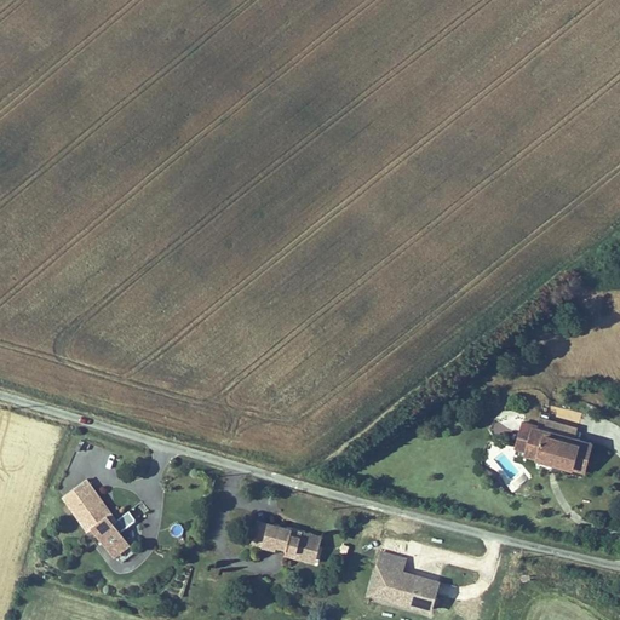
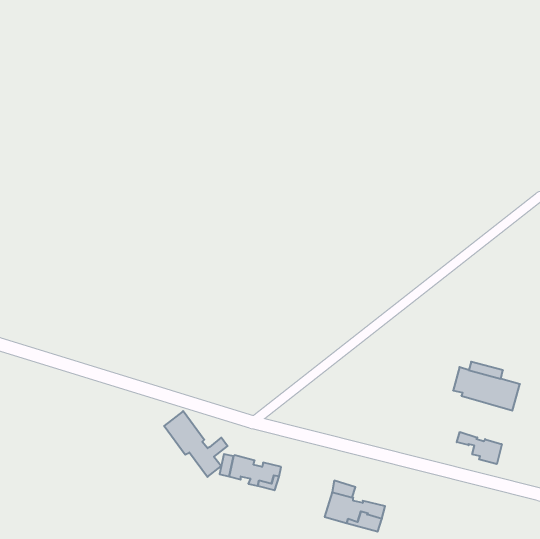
building: [64,481,137,556] -> [164,411,228,477]
building: none -> [457,432,502,464]

